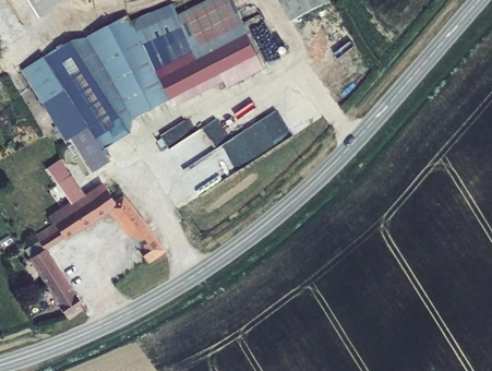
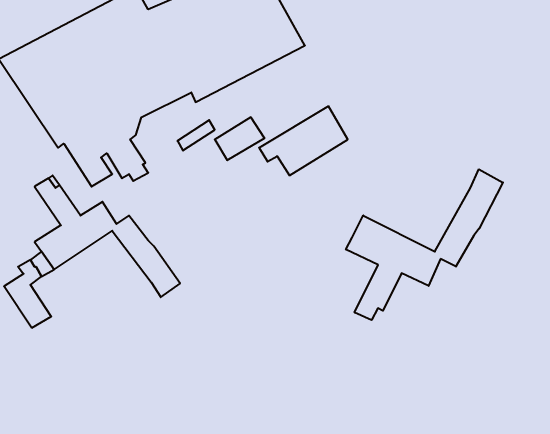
building: none -> [346,169,503,320]
building: [46,274,82,315] -> none

